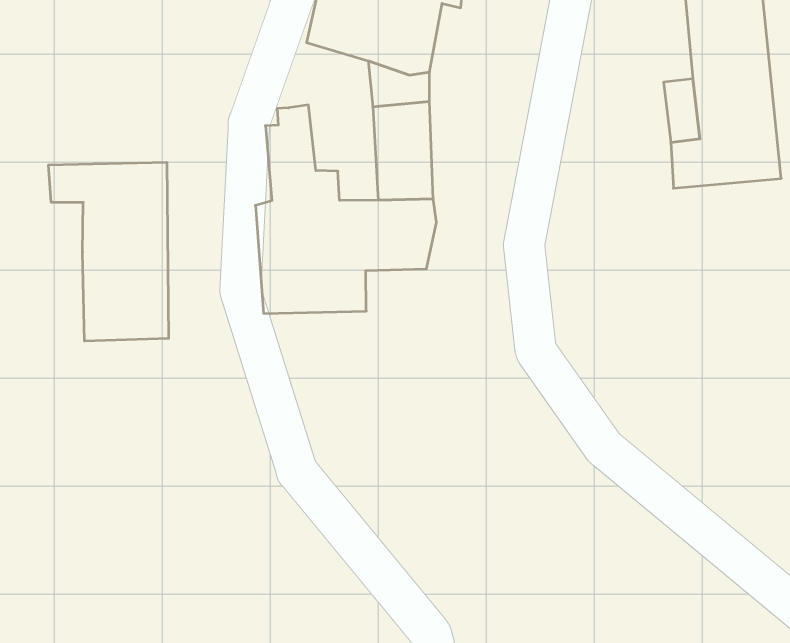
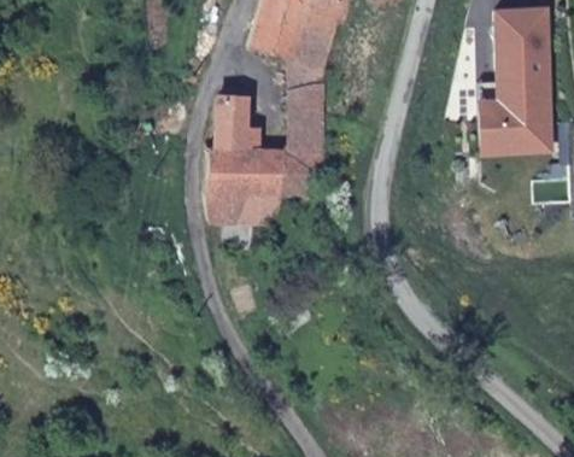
building: [49,162,169,341] -> none

